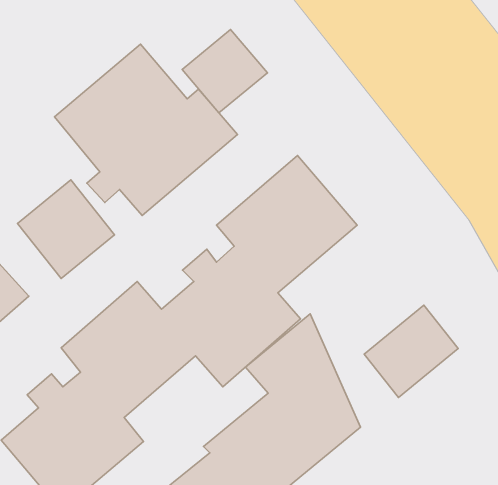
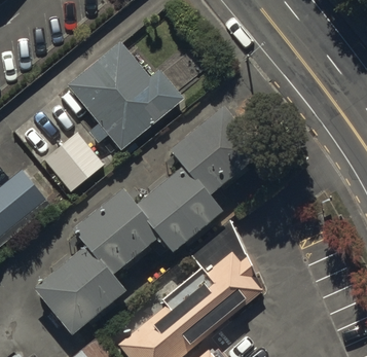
building: [182,29,268,113] -> none
building: [364,305,458,398] -> none

